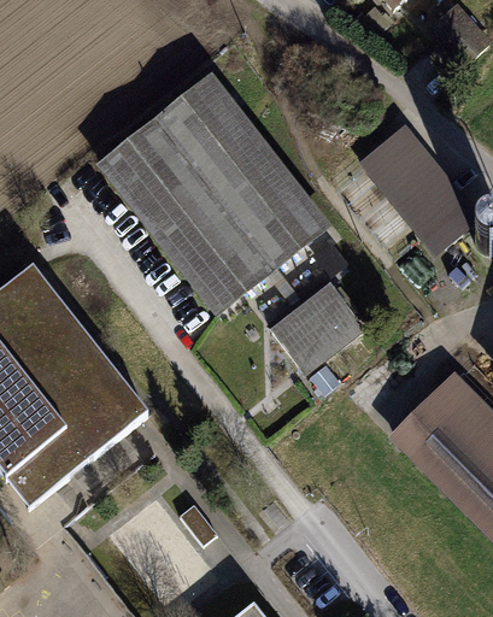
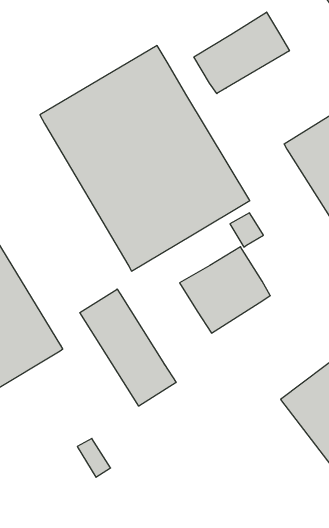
building: none -> [194,12,289,94]
building: none -> [80,289,176,406]

